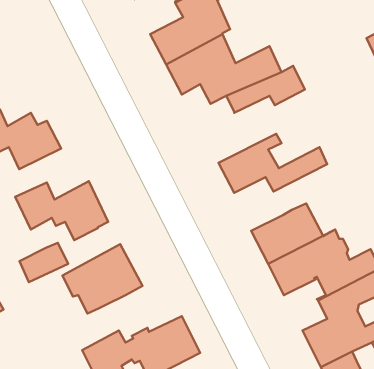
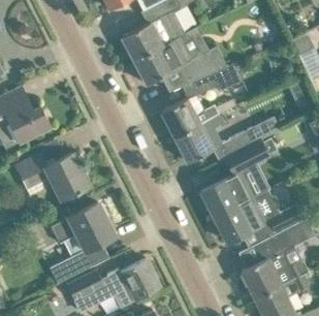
building: none -> [161,98,221,138]
building: none -> [233,139,270,166]
building: [20,243,68,282] -> [52,253,90,284]

